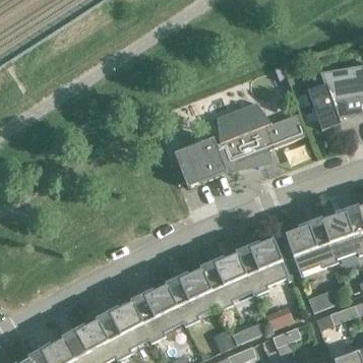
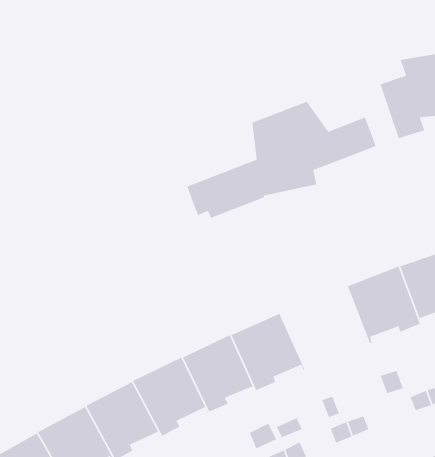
building: [236,237,291,293] -> none

